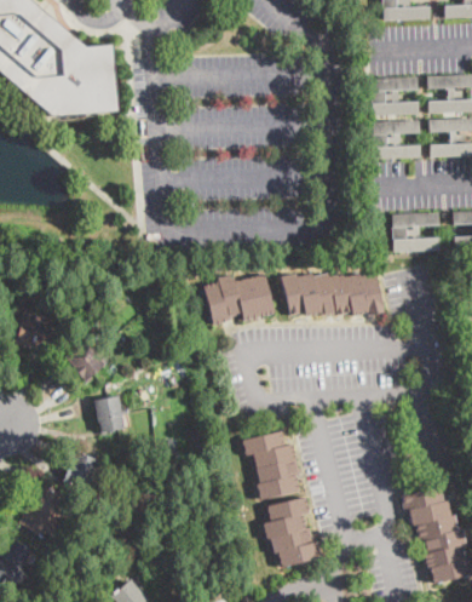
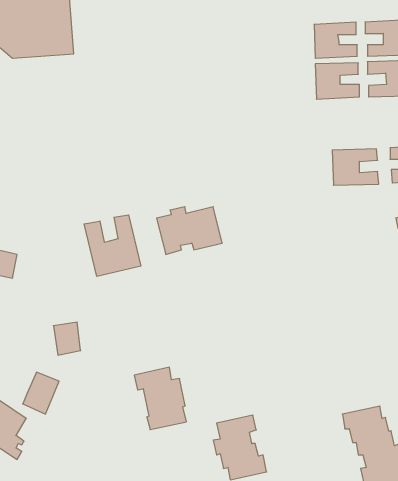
building: [282,273,385,315] -> none
building: none -> [84,215,141,276]
building: [67,339,105,380] -> none
building: [244,431,300,498] -> [134,367,186,430]

